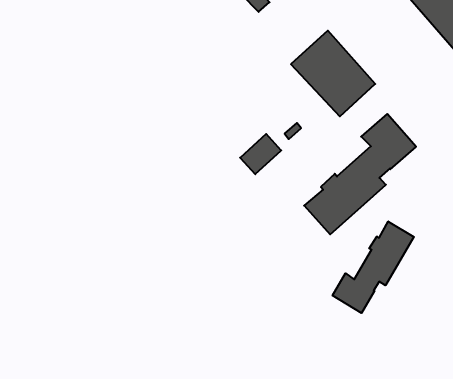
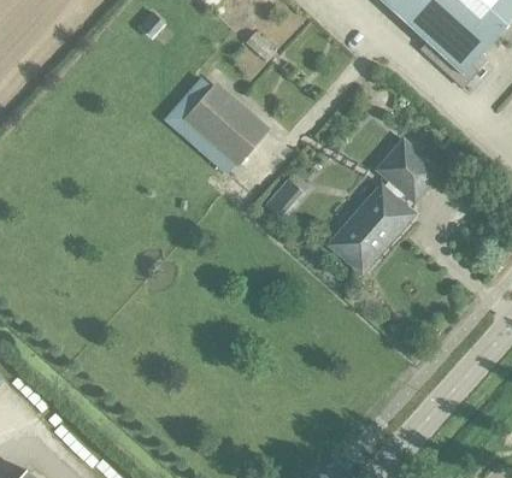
building: [291,31,375,116] -> [183,83,269,166]
building: [333,221,414,313] -> none

